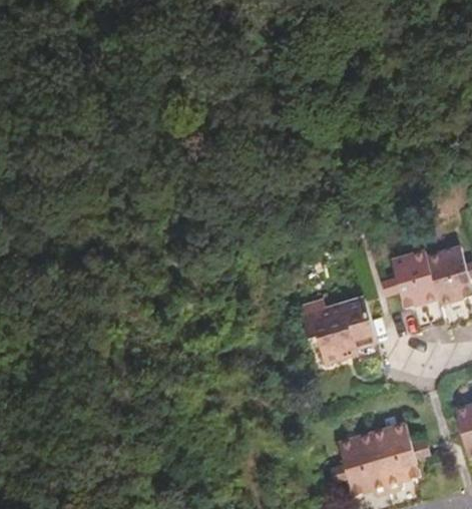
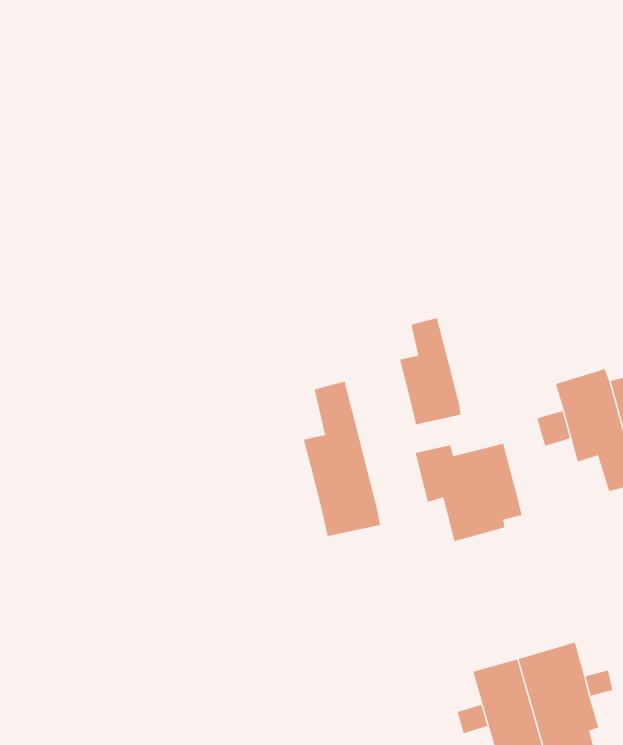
building: none -> [399,317,461,425]
building: none -> [303,381,381,537]

